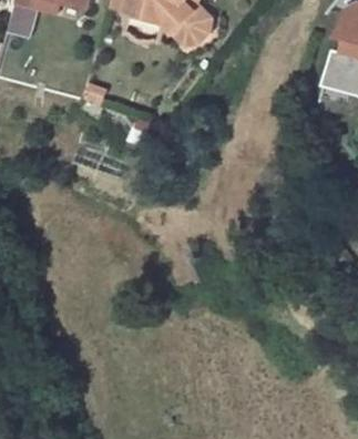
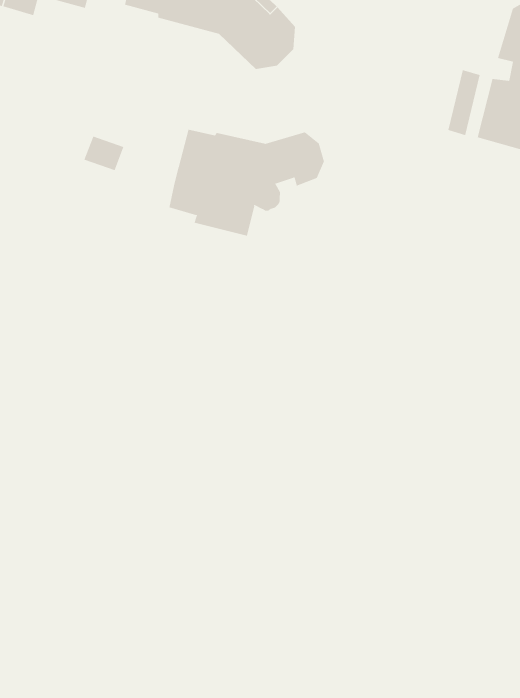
building: none -> [169,129,325,237]

